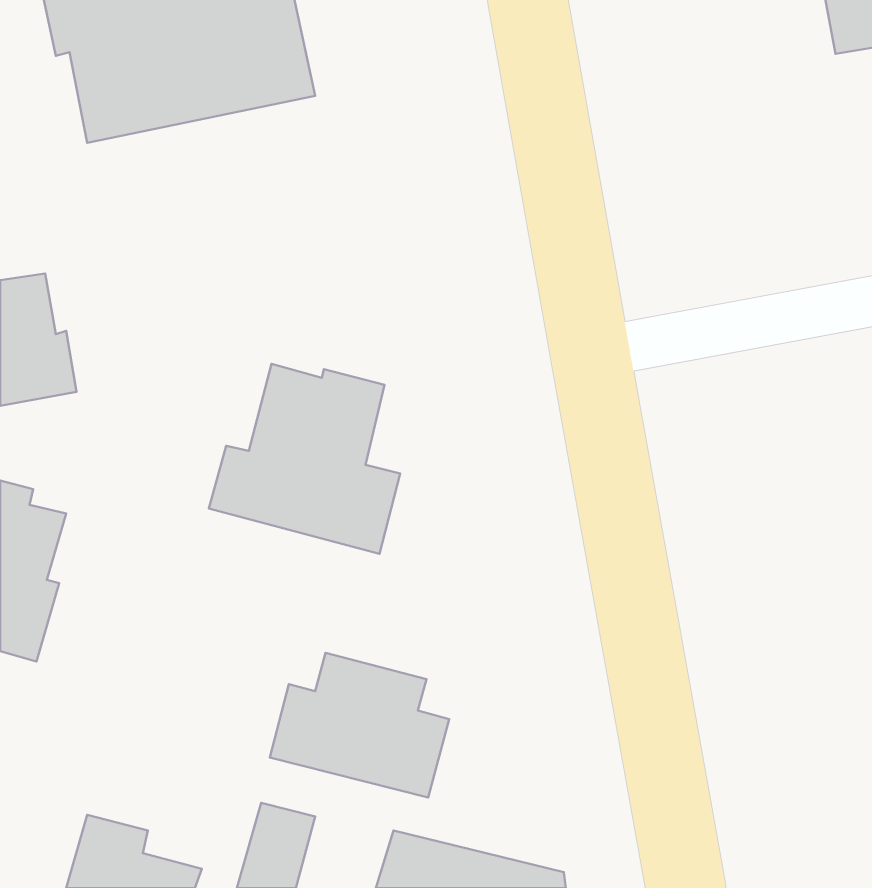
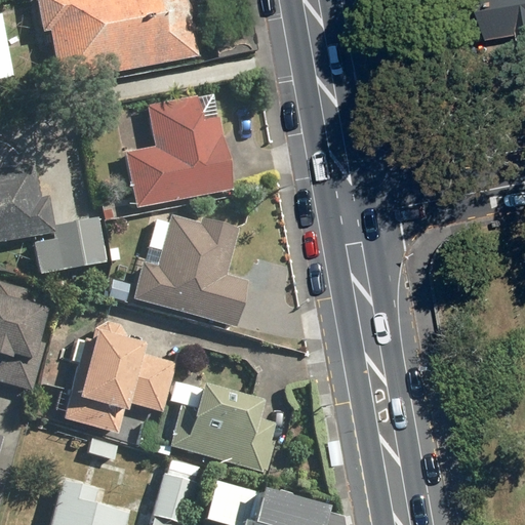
building: none -> [125,95,232,207]
building: none -> [34,217,107,275]
building: none -> [64,319,175,432]

